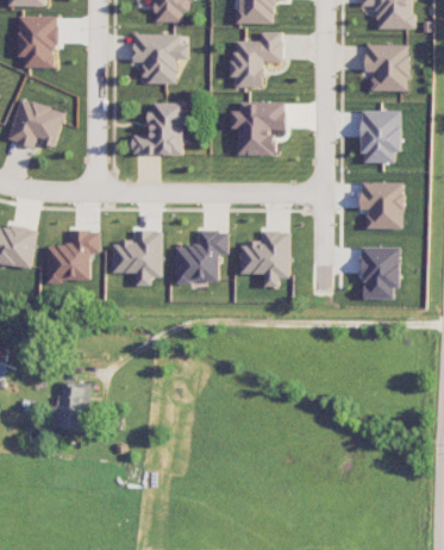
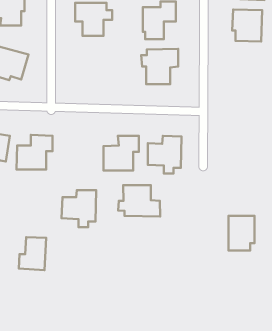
building: [131,102,182,156] -> none
building: [359,111,400,163] -> none
building: [359,182,402,230] -> none
building: [111,231,162,286] -> [62,190,96,227]
building: [361,248,399,299] -> [229,216,254,250]
building: none -> [118,185,160,217]

